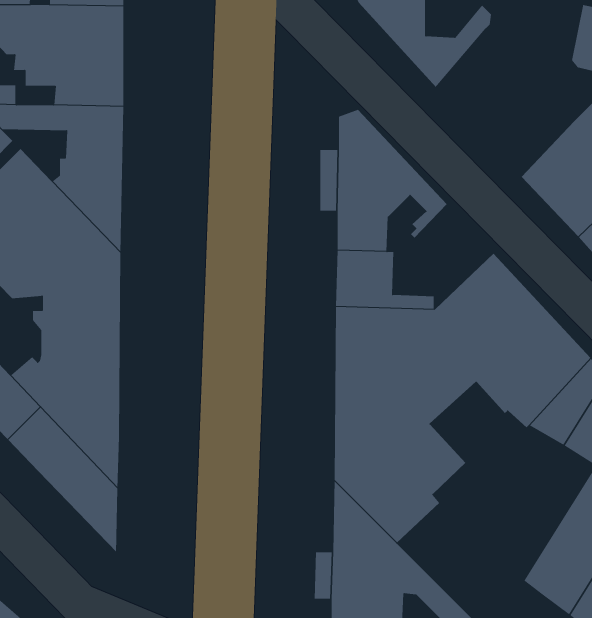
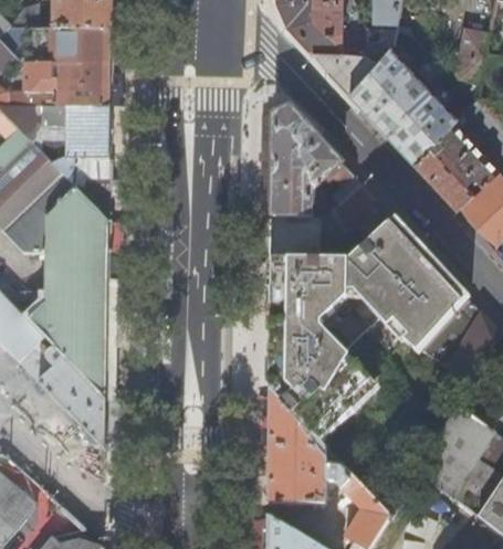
building: none -> [349,47,455,161]

